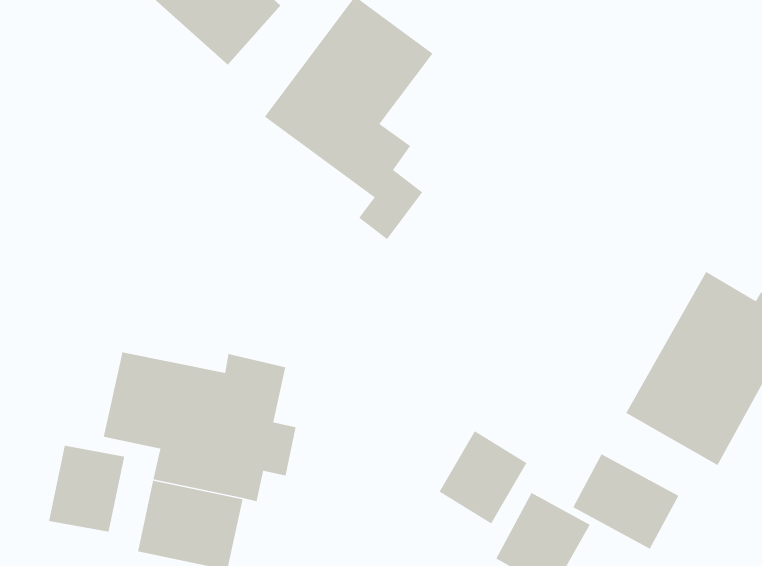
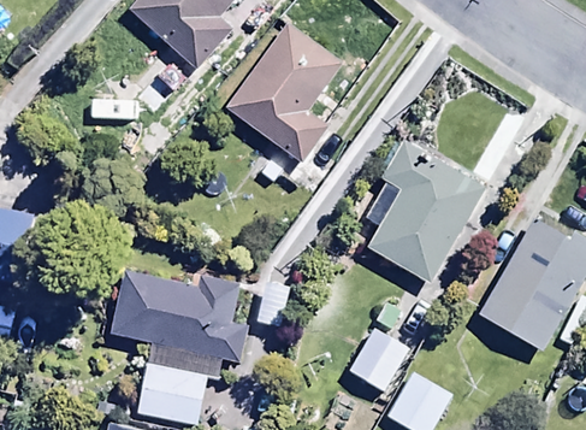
building: none -> [354,140,485,285]
building: [48,445,125,533] -> none
building: [572,453,679,550] -> none

